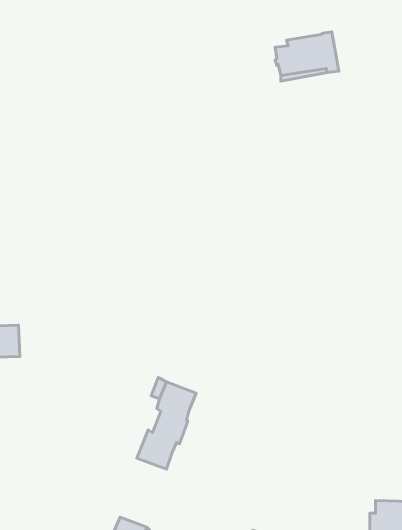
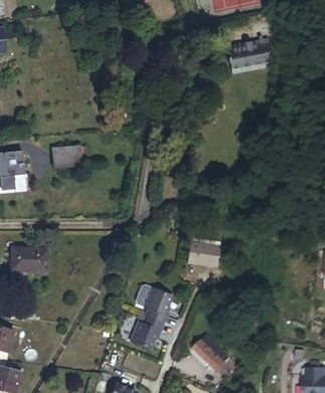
building: none -> [52,143,82,166]
building: none -> [188,241,220,265]
building: none -> [196,335,237,376]

